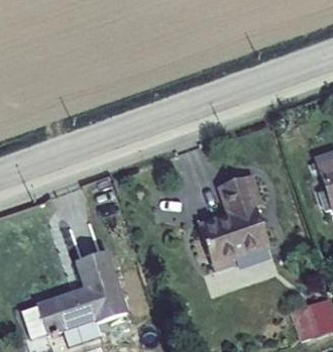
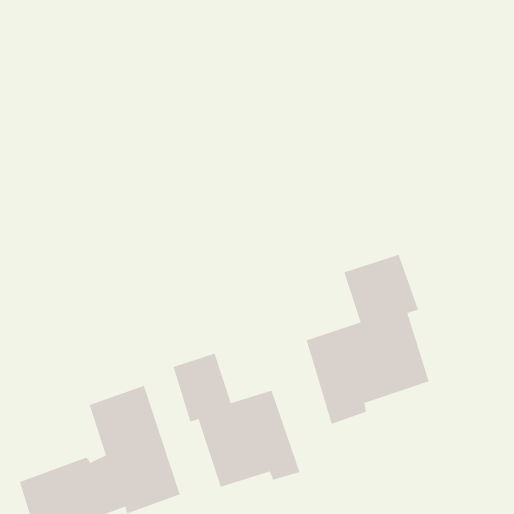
building: none -> [173,353,300,487]

